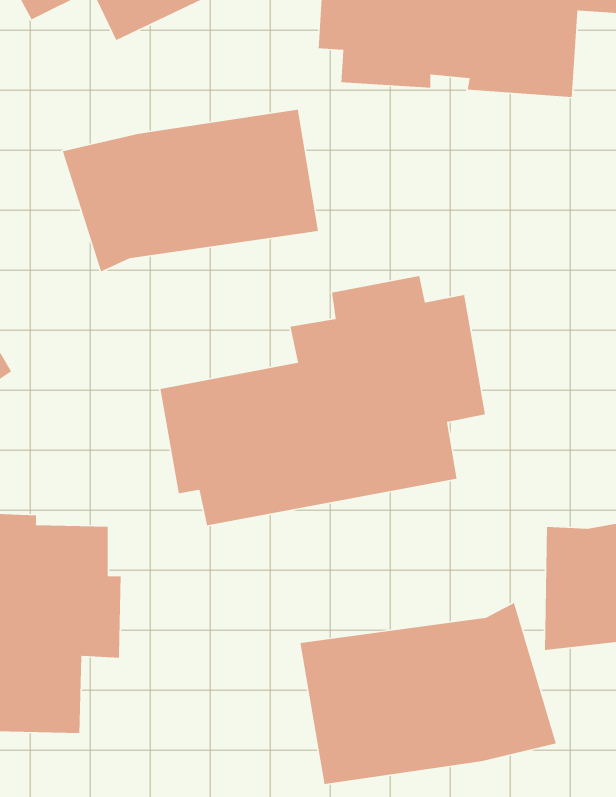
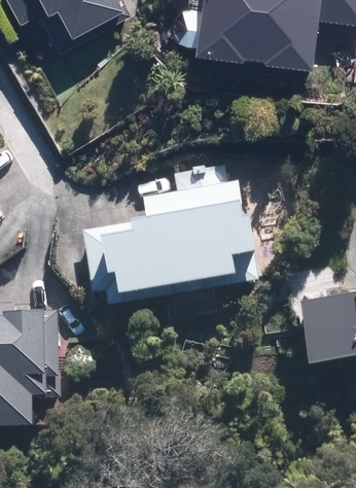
building: [62,109,319,273] -> none
building: [300,602,557,785] -> none

